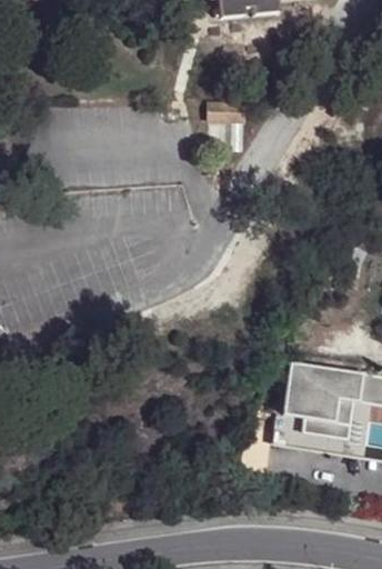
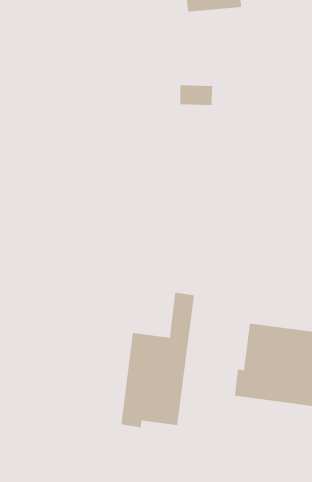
building: none -> [121,292,194,428]

